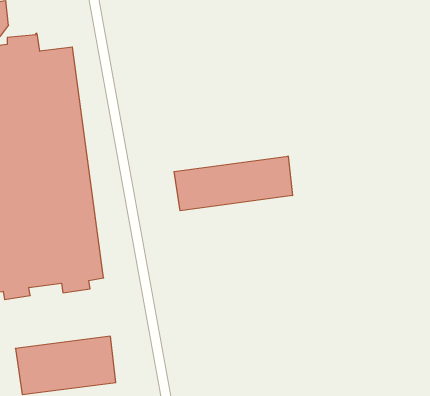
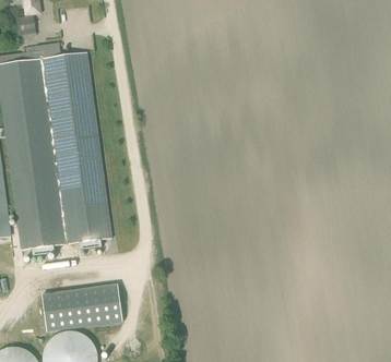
building: [174,156,292,211] -> none

